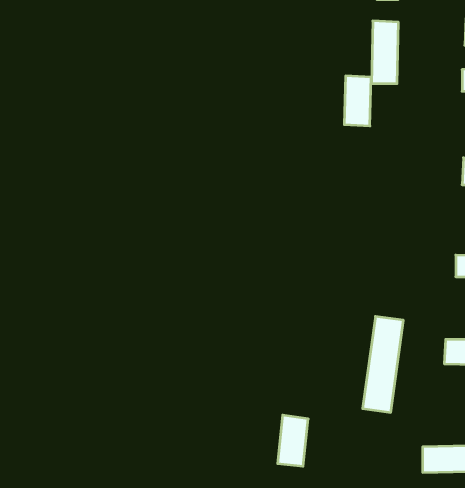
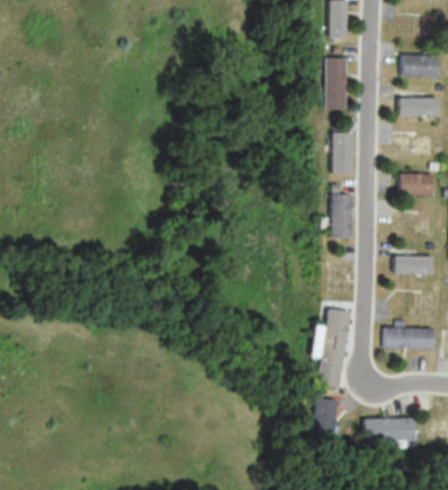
building: [344,76,371,126] -> [328,132,351,174]
building: none -> [327,194,350,238]
building: [278,415,308,466] -> [311,397,337,441]

